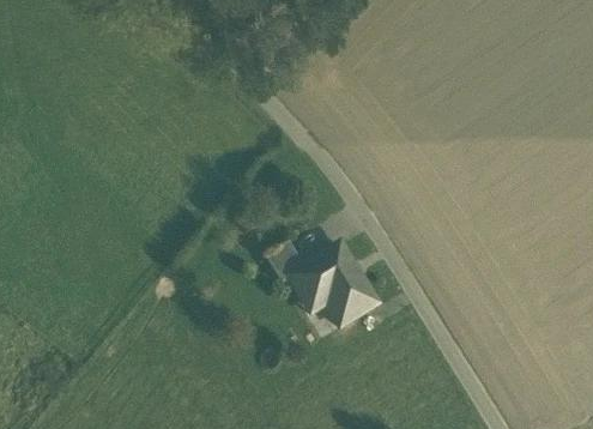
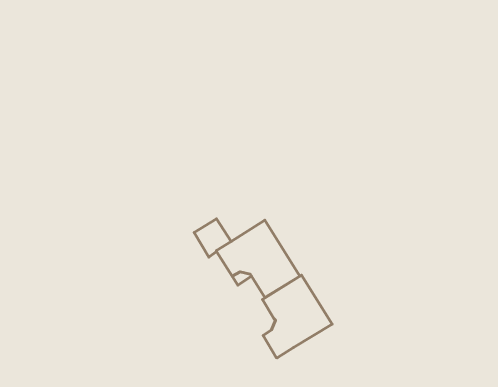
building: none -> [263,275,332,358]

